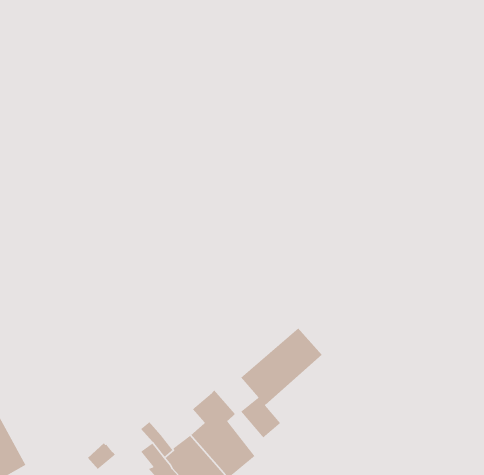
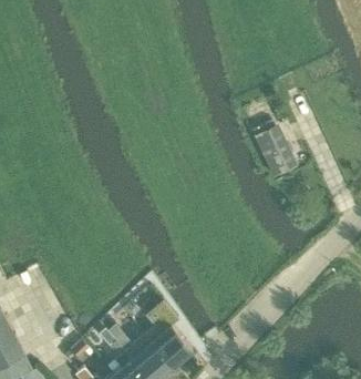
building: none -> [255,127,293,177]
building: [240,327,322,439] -> none

